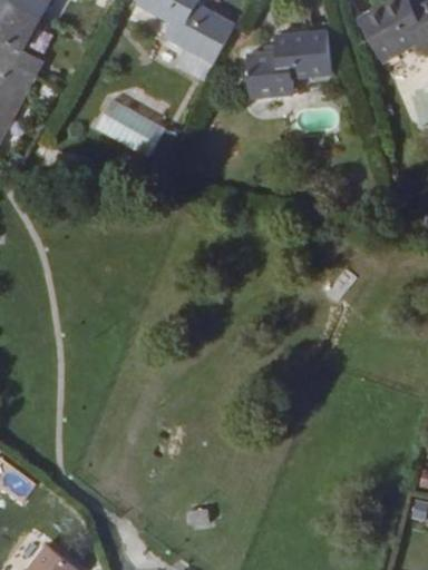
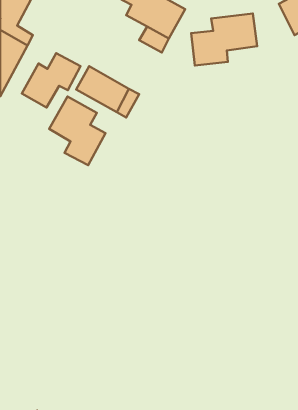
building: none -> [22,53,81,108]
building: none -> [49,96,105,165]

